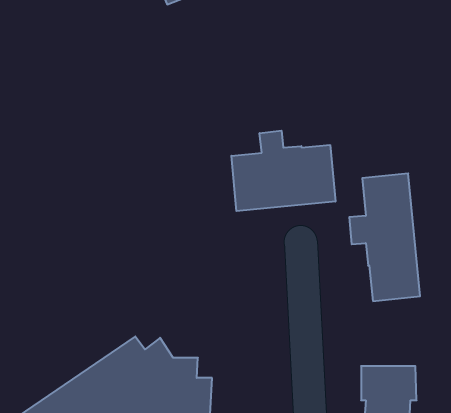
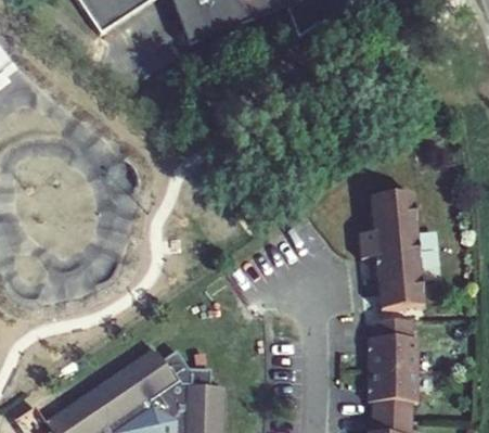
building: [231,131,335,211] -> none
building: none -> [366,330,417,381]

